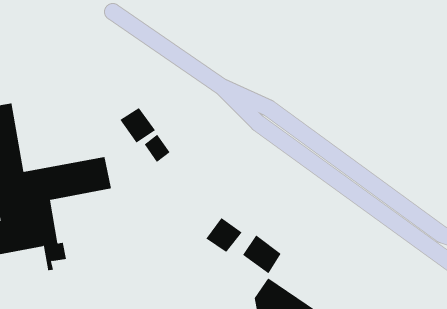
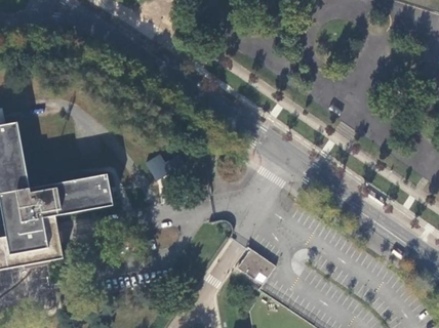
building: [119,107,156,144] -> none
building: [206,217,242,253] -> none

